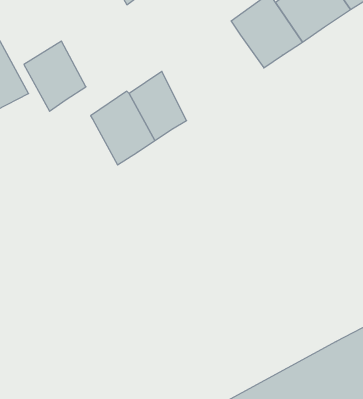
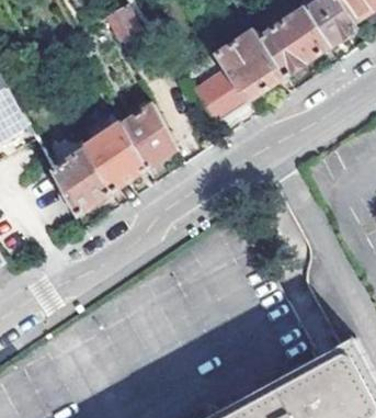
building: none -> [193,70,248,123]
building: [24,41,86,111] -> [53,149,111,215]

